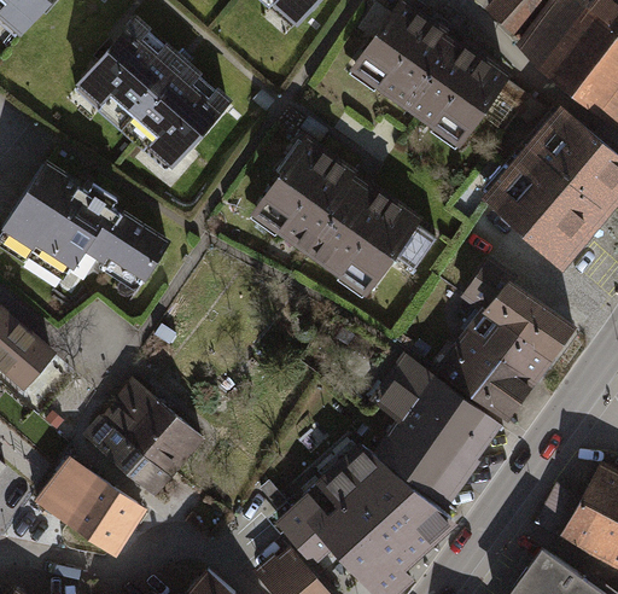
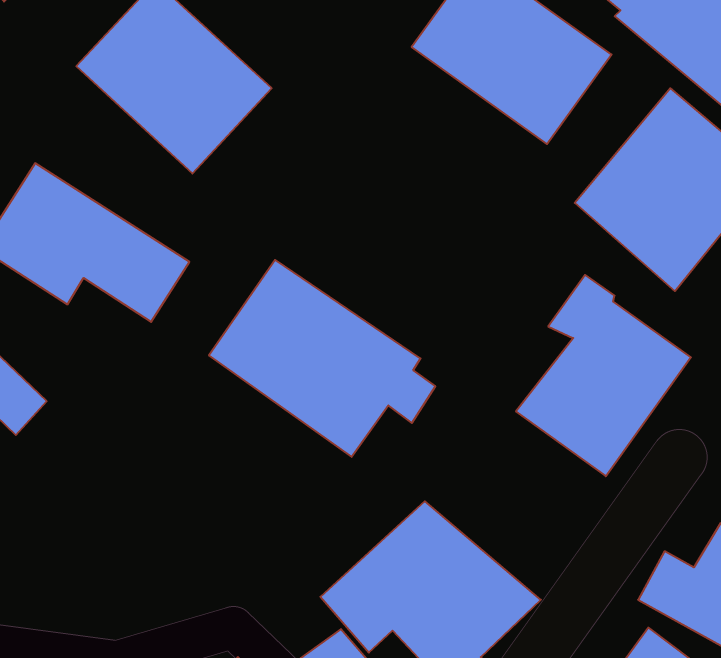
building: [250,136,436,298] -> [209,260,435,457]
building: [371,356,502,508] -> none
building: [86,384,200,495] -> none
building: [40,458,153,560] -> none

